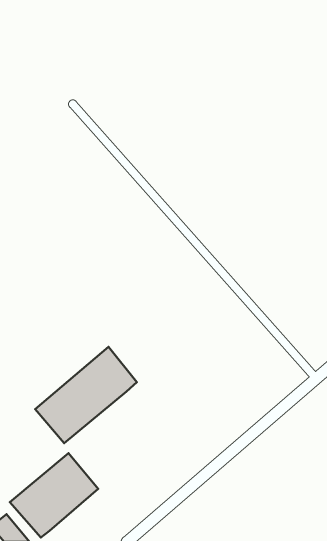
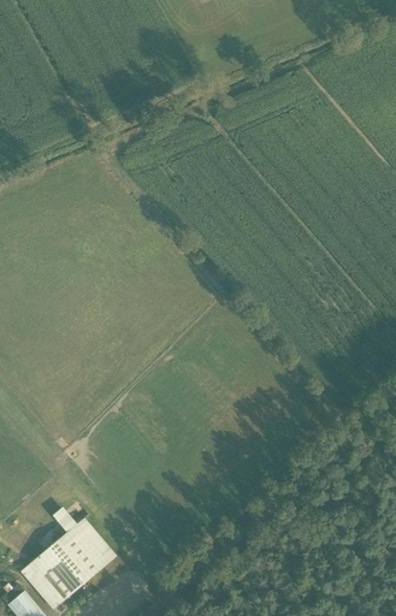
building: [35,347,137,443] -> none

